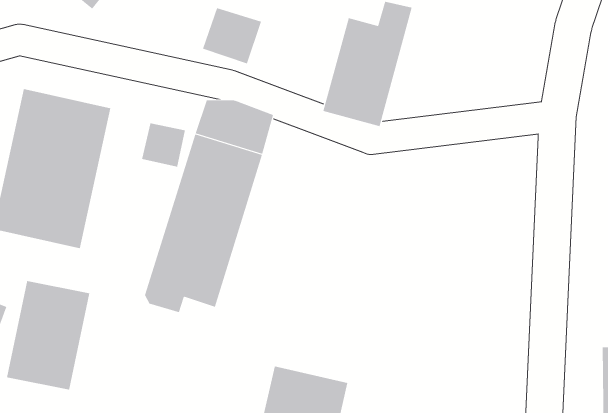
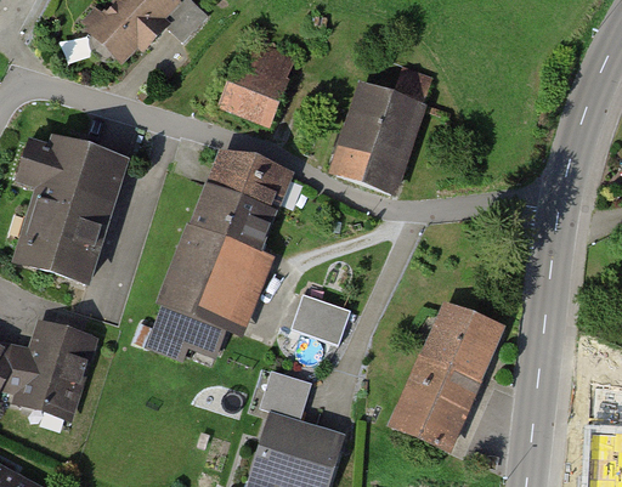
building: [141,123,185,167] -> none
building: none -> [391,302,499,449]
building: none -> [289,293,350,345]
building: none -> [260,370,310,418]

